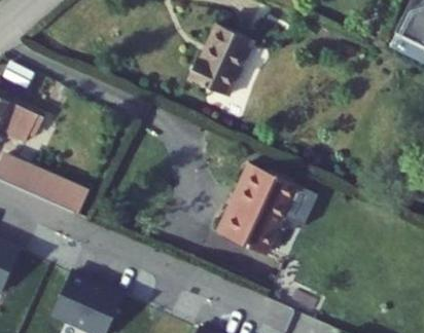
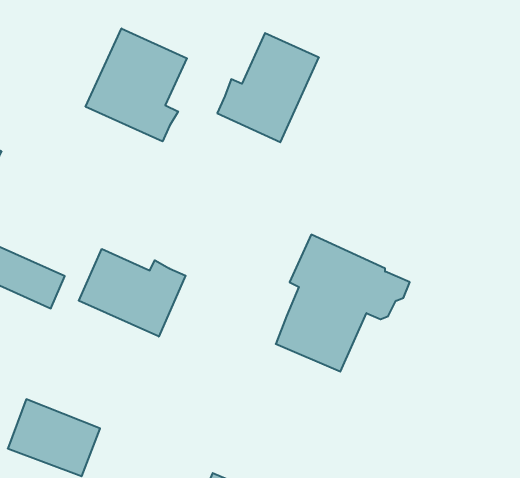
building: none -> [86,28,187,141]
building: none -> [79,249,186,337]

